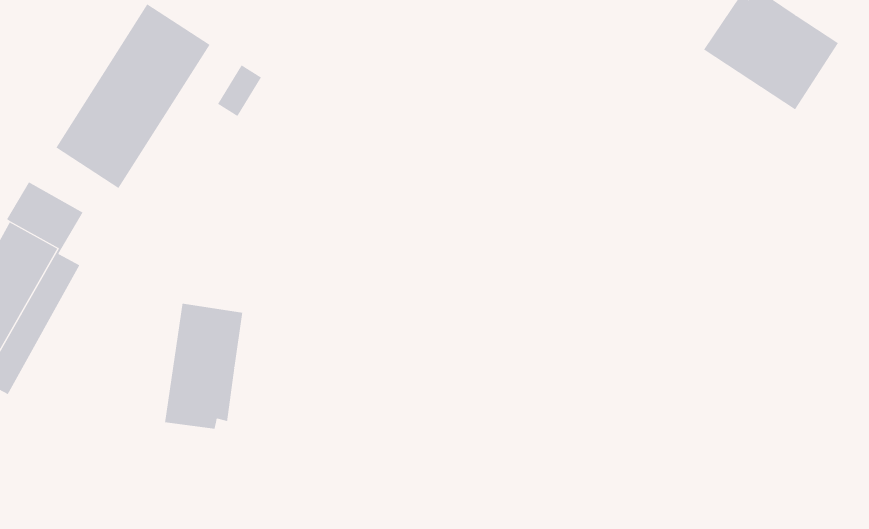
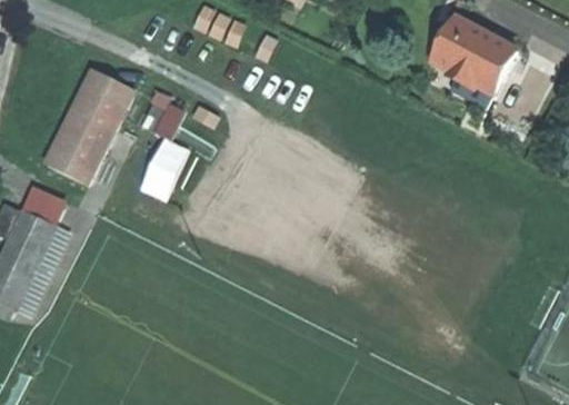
building: none -> [141,134,190,197]
building: [165,303,243,430] -> none

